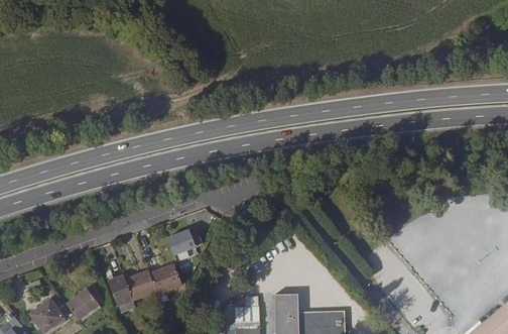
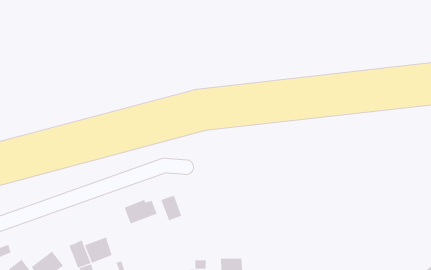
building: none -> [160,195,182,221]
building: [149,264,181,295] -> none

